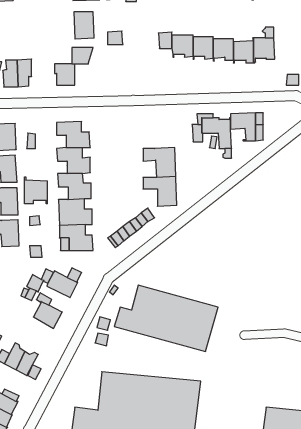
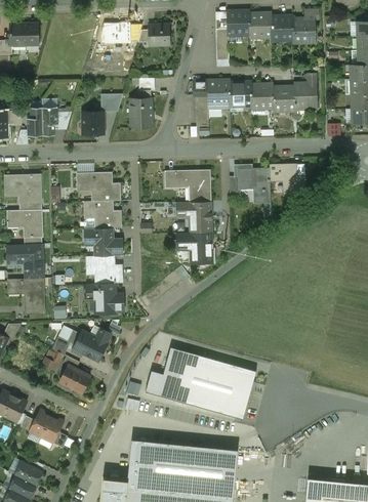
building: [74,12,94,39] -> [130,98,152,127]
building: none -> [165,170,210,202]
building: [25,177,47,204] -> none

